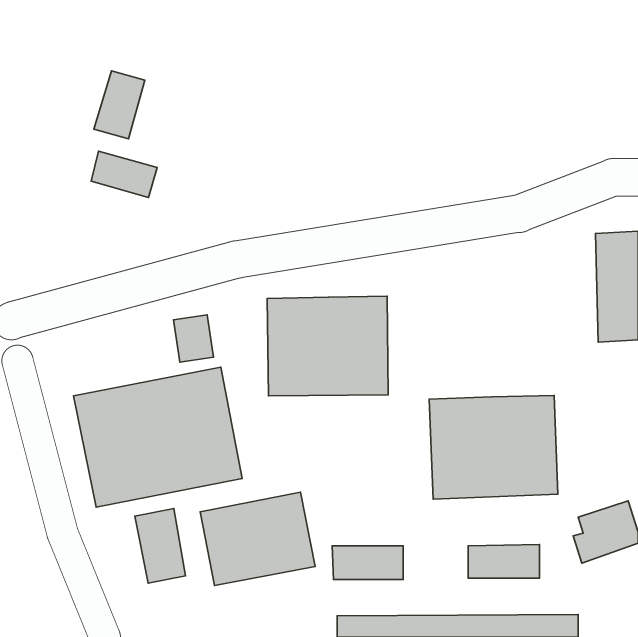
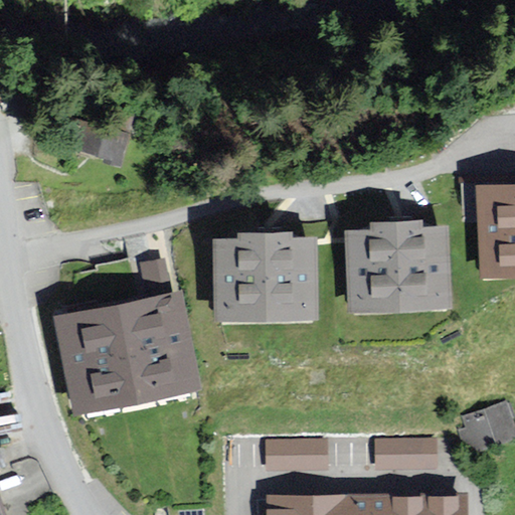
building: [94,71,145,139] -> none
building: [429,396,558,499] -> [347,227,451,311]
building: [200,492,315,585] -> none
building: [135,509,185,583] -> none

